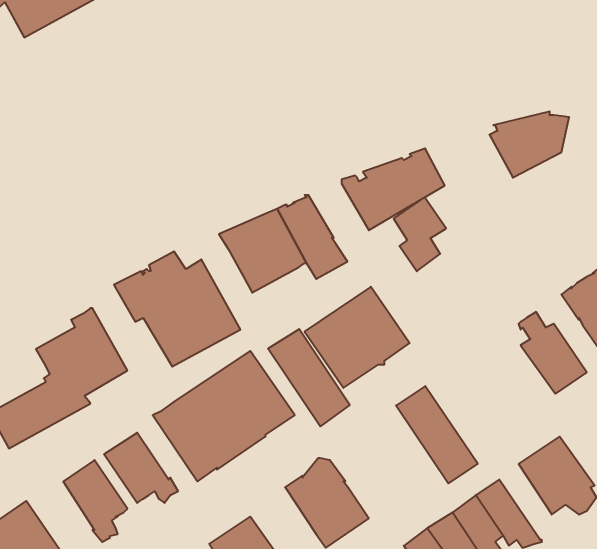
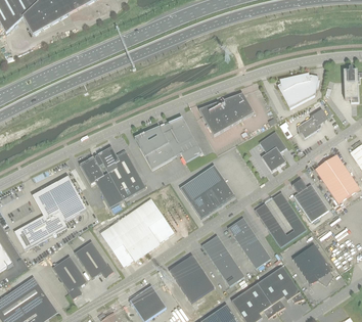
building: none -> [297,108,327,137]
building: [394,197,446,271] -> [259,131,286,170]
building: [268,329,350,426] -> [200,235,243,286]
building: none -> [254,191,306,246]

